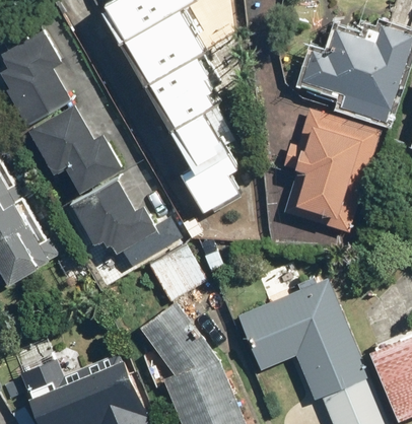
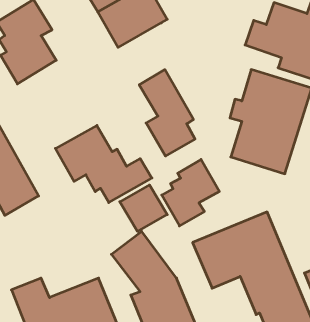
building: [147,54,216,128] -> none
building: [27,104,125,193] -> none
building: none -> [162,159,219,226]

